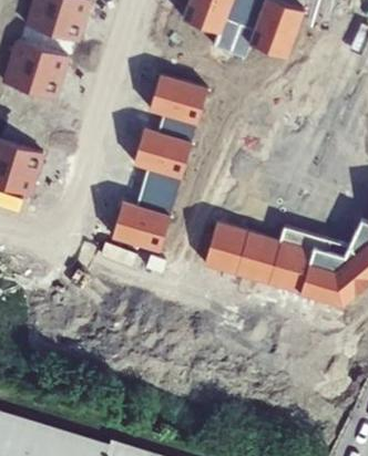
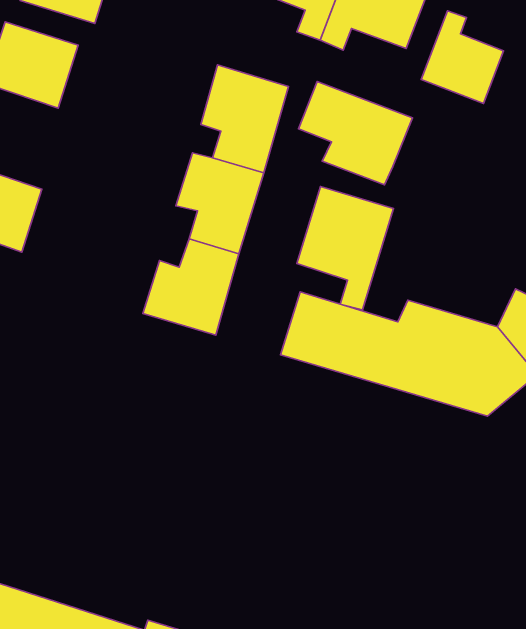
building: none -> [421,11,504,103]
building: none -> [299,81,413,185]
building: none -> [297,186,394,310]

